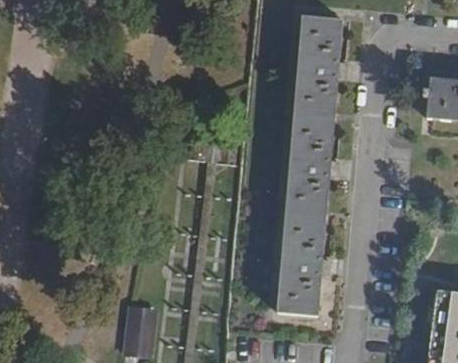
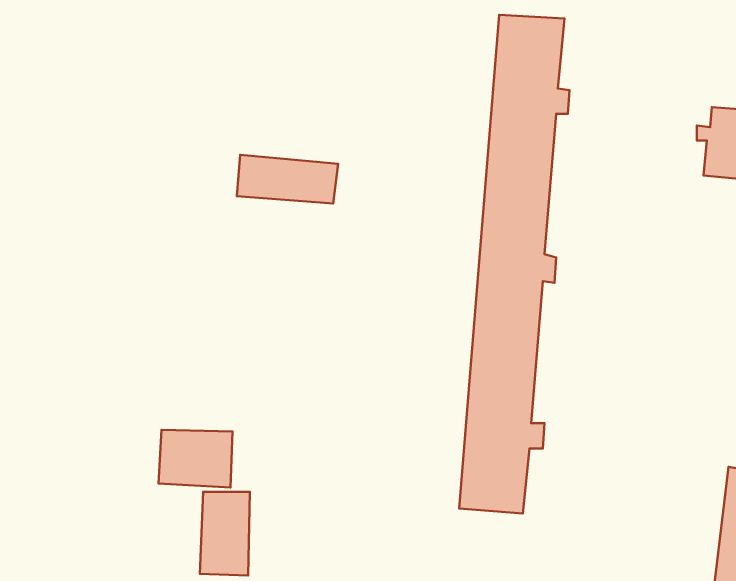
building: none -> [237,155,338,204]
building: none -> [158,430,233,487]

